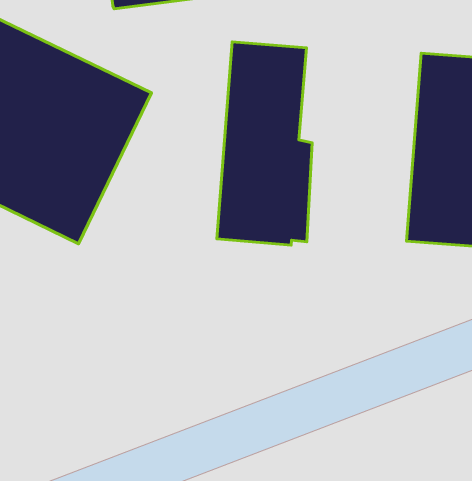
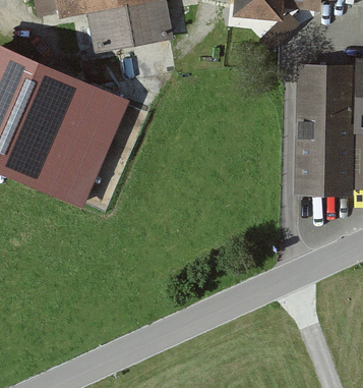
building: [217,42,312,245] -> none

